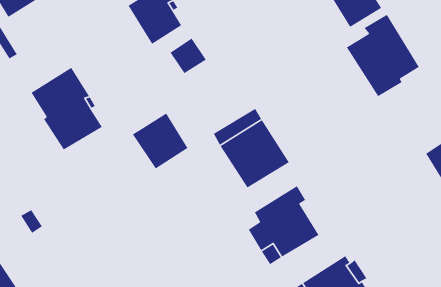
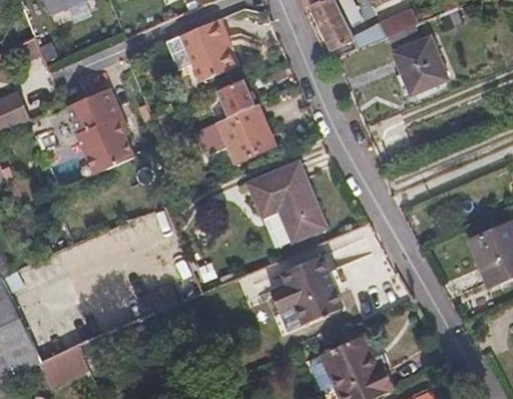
building: [346,14,420,97] -> none
building: [132,112,188,170] -> [216,103,274,161]

